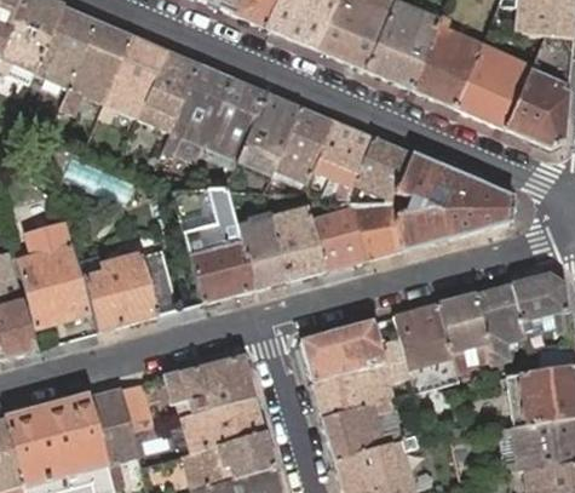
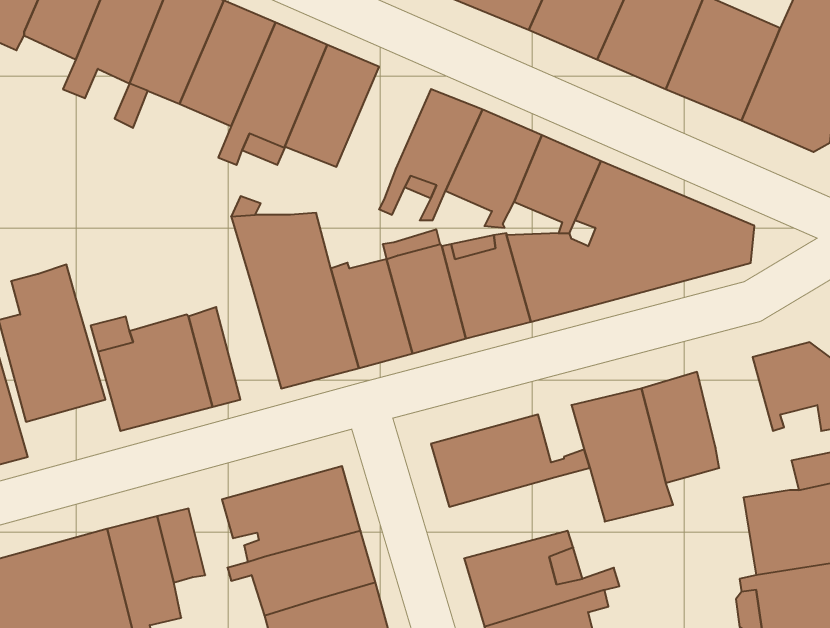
building: [237,92,300,178] -> none
building: [475,282,525,360] -> none
building: [312,355,410,414] -> none

